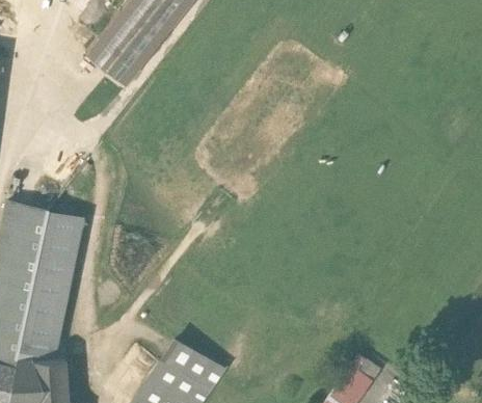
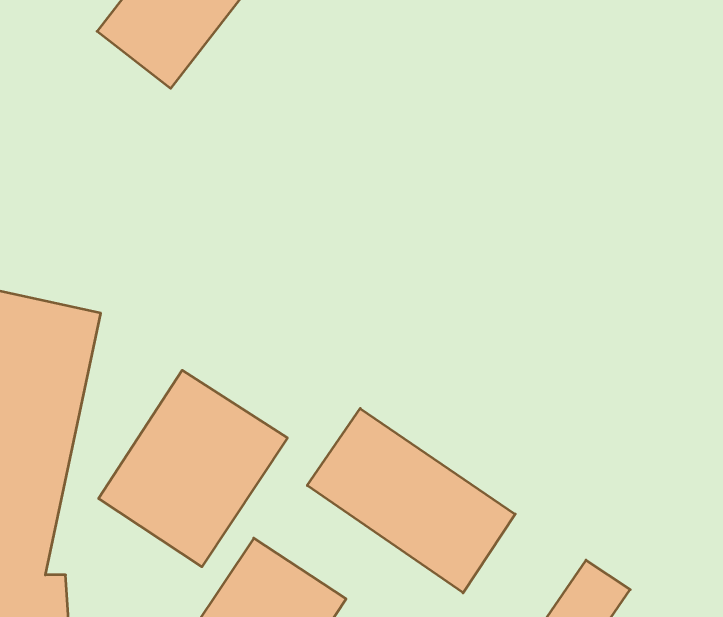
building: none -> [99,370,287,567]
building: none -> [307,408,515,593]

